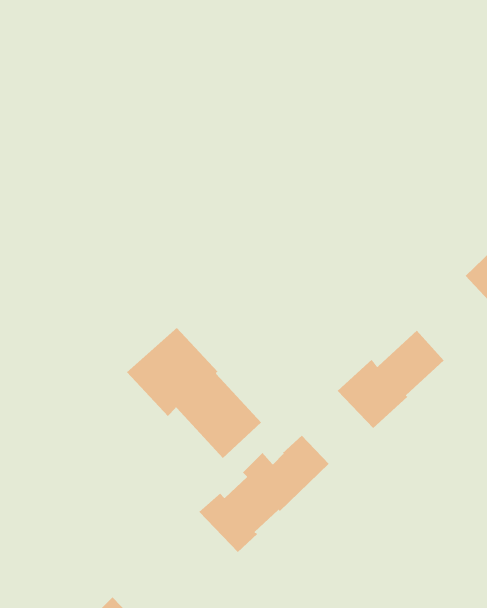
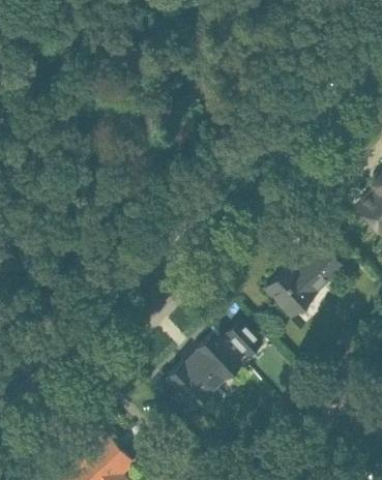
building: [126,327,262,459] -> none

